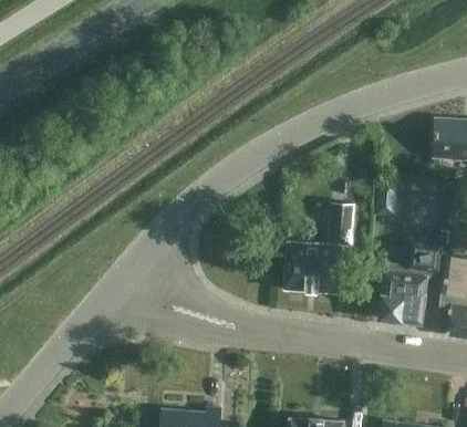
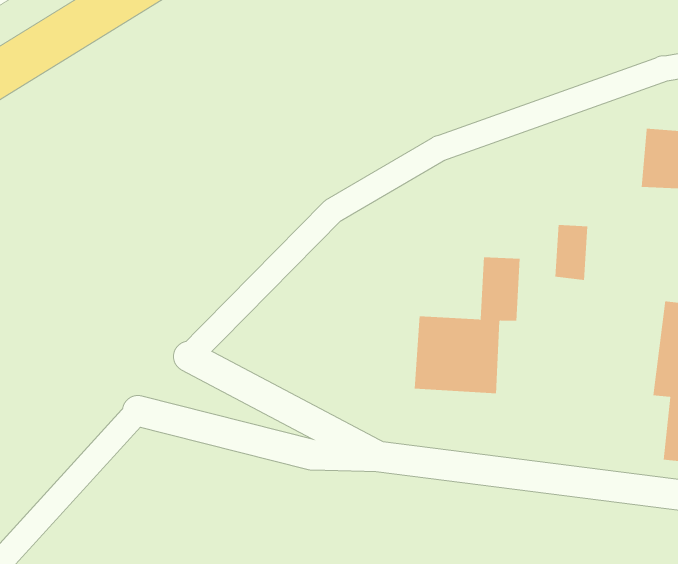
building: [381,237,447,323] -> none

